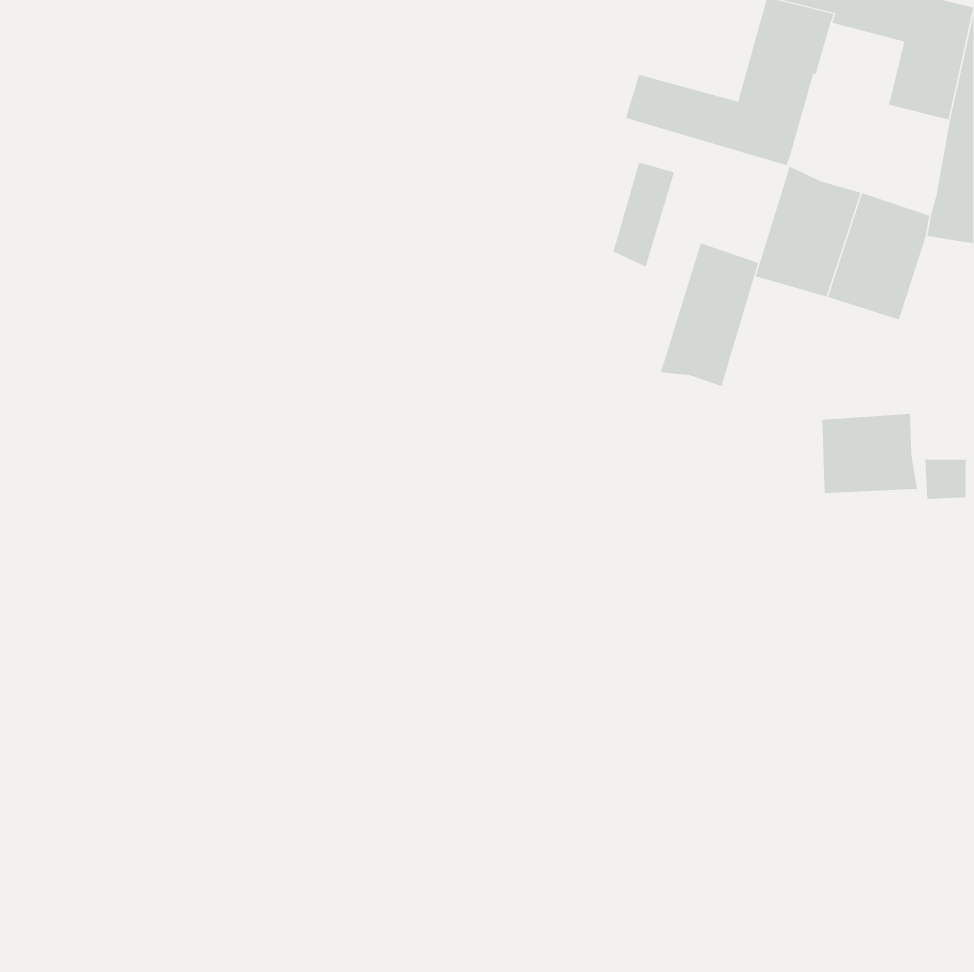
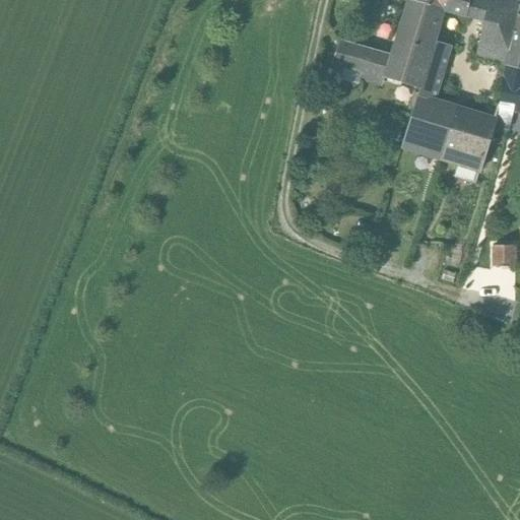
building: [612,161,675,267] -> [419,40,453,96]
building: [660,242,759,387] -> none
building: [822,413,918,494] -> none

